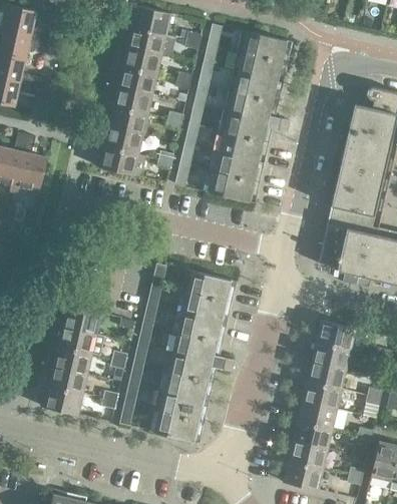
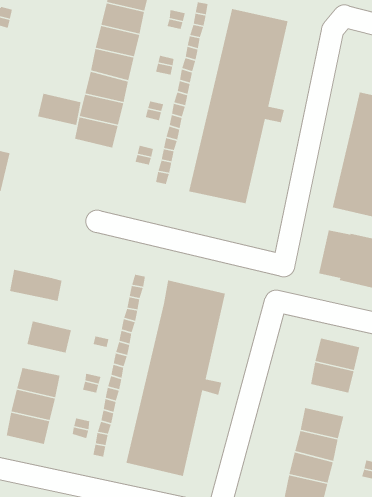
building: [98,145,137,174] -> [37,93,81,126]
building: [57,326,104,355] -> [9,269,63,302]
building: [306,361,345,389] -> none

